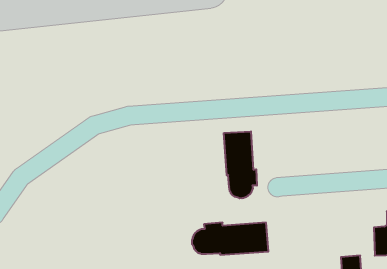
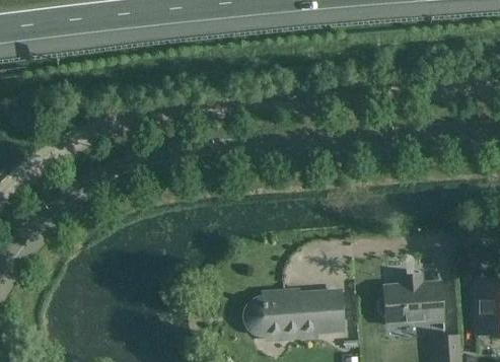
building: [224,131,257,198] -> none
building: none -> [378,277,443,324]

